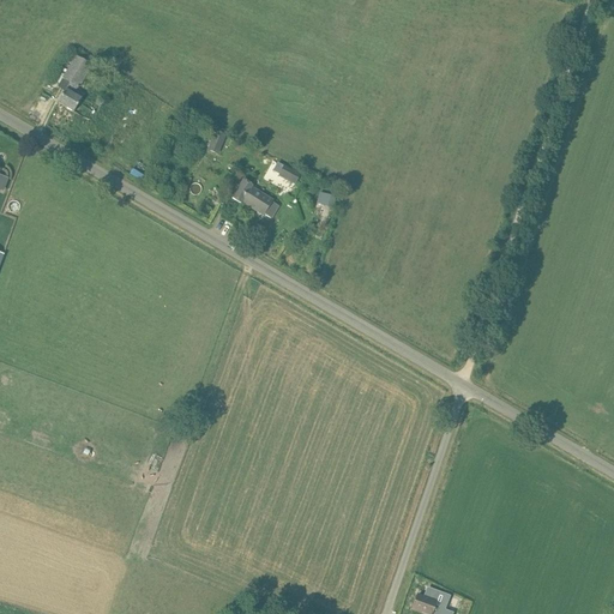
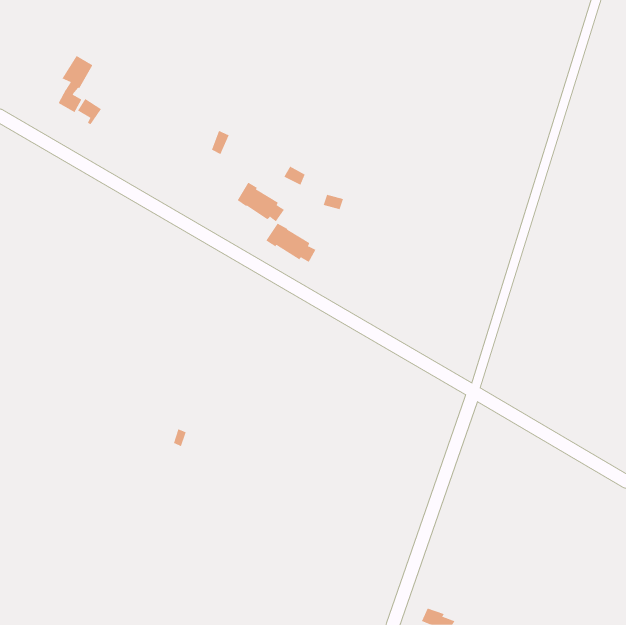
building: none -> [266,223,316,263]

